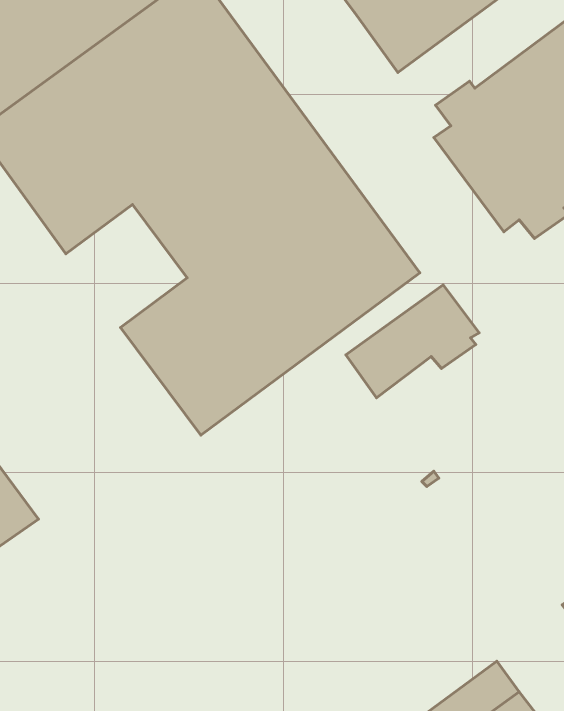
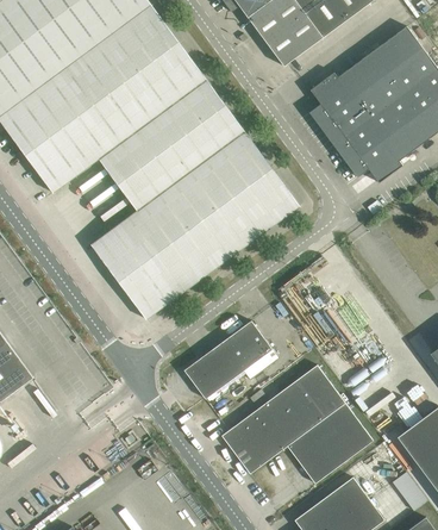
building: [346,285,479,398] -> [183,320,276,399]
building: none -> [221,364,373,484]

